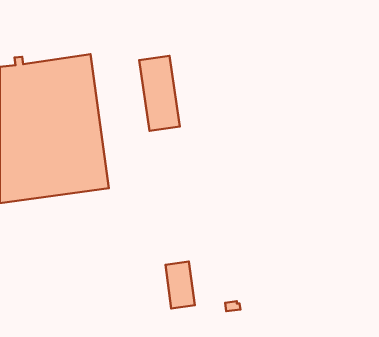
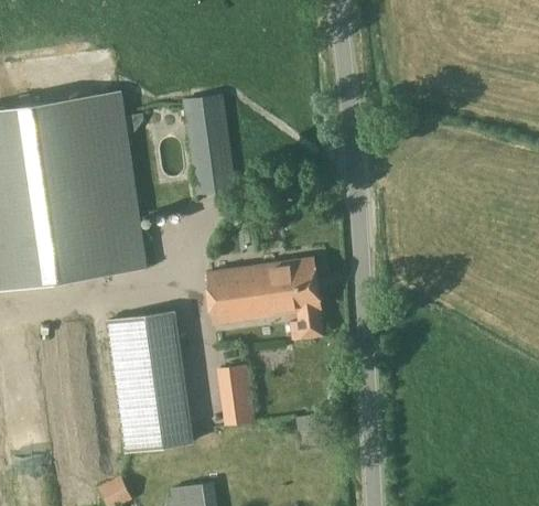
building: none -> [206,259,323,340]
building: none -> [107,311,191,452]

